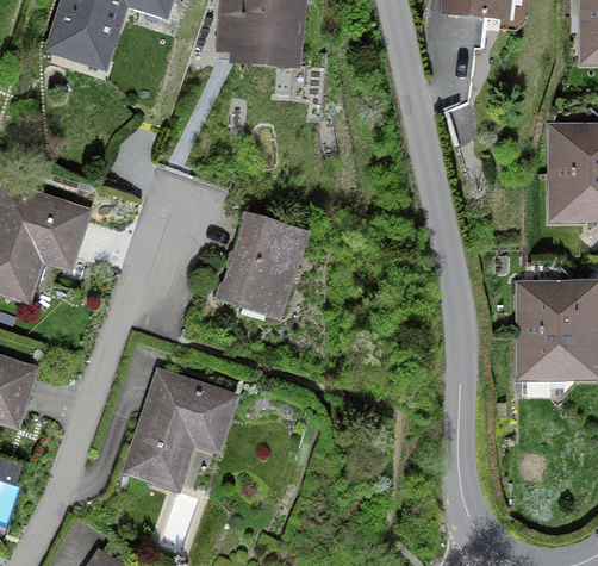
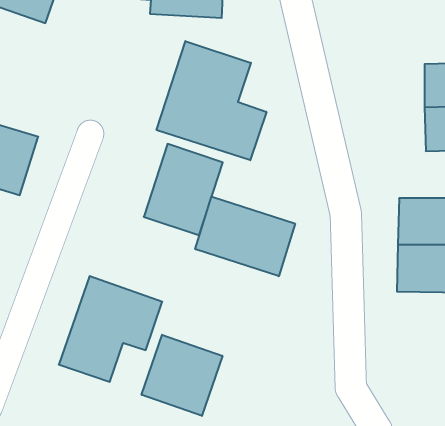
building: none -> [157,41,266,160]
building: none -> [195,197,295,276]
building: none -> [142,335,222,416]

